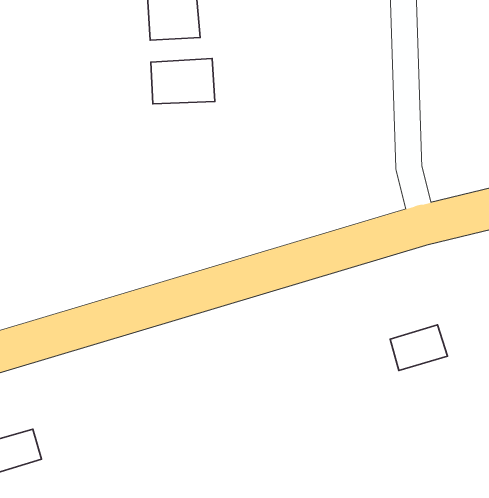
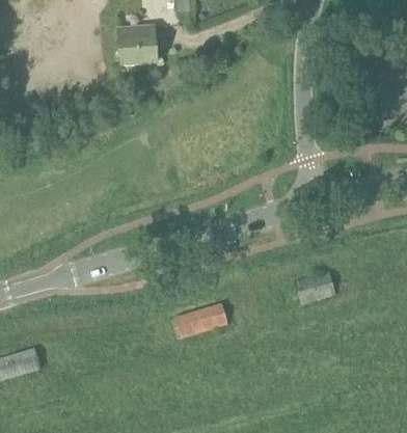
building: [151,59,215,104] -> none
building: none -> [171,303,228,340]

